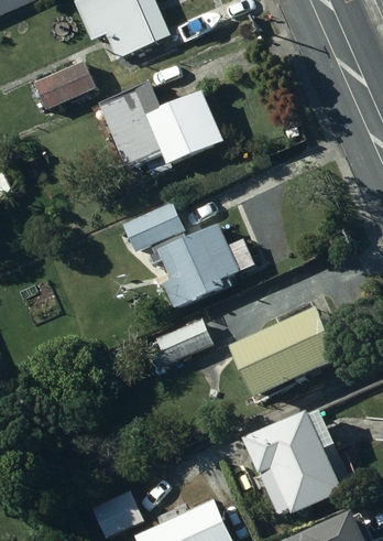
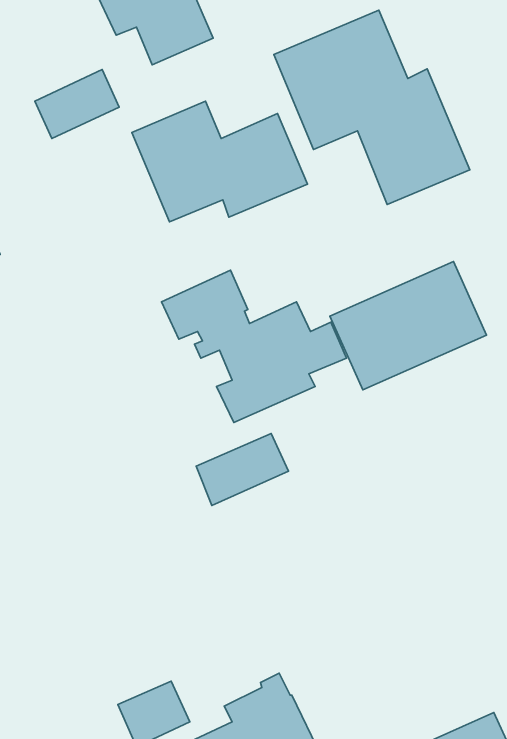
building: none -> [274,10,470,205]
building: [234,309,344,399] -> [330,261,487,390]
building: [247,413,346,516] -> none

